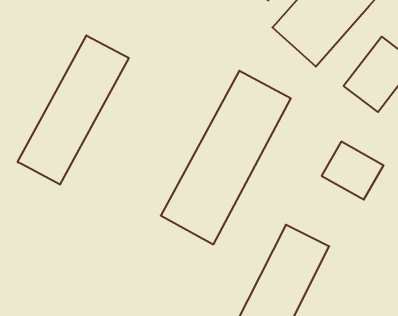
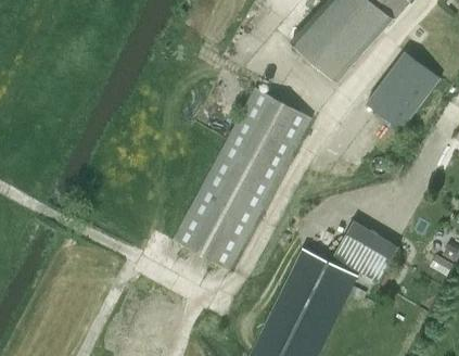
building: [18,35,129,185] -> none
building: [322,142,384,200] -> [334,221,399,282]

